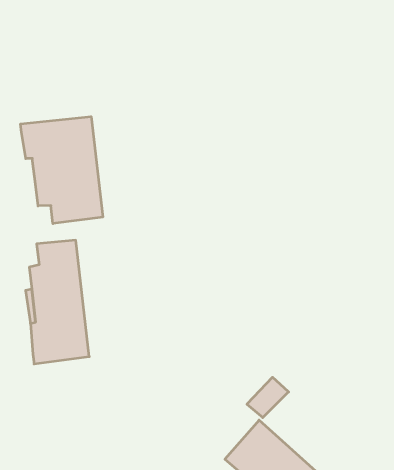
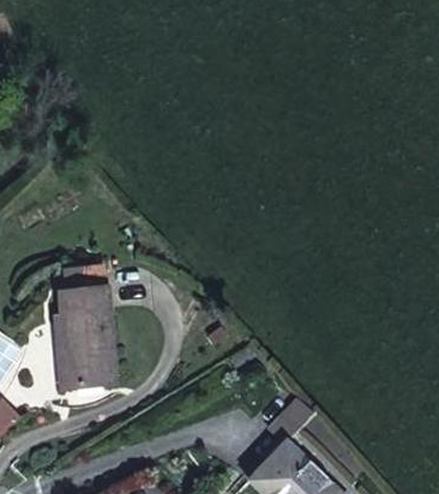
building: [21,117,103,224] -> none

